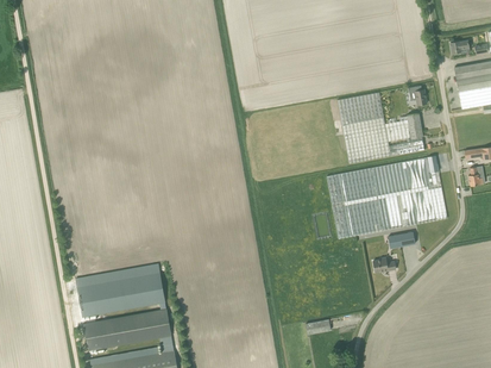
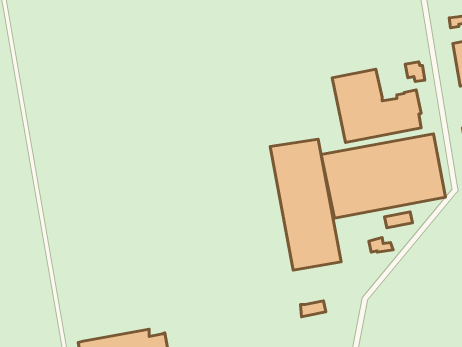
building: none -> [270,139,341,270]
building: [75,263,174,353] -> none

